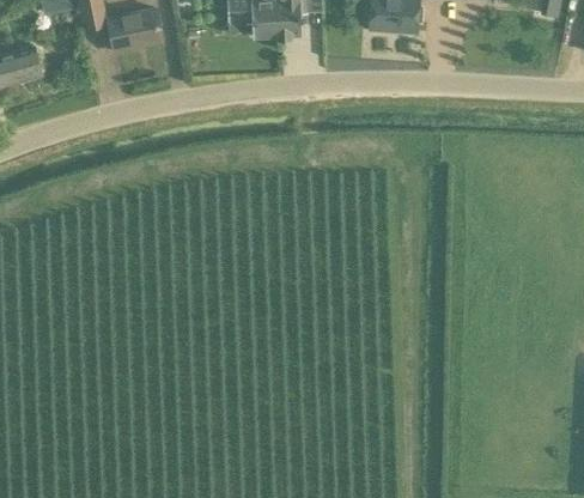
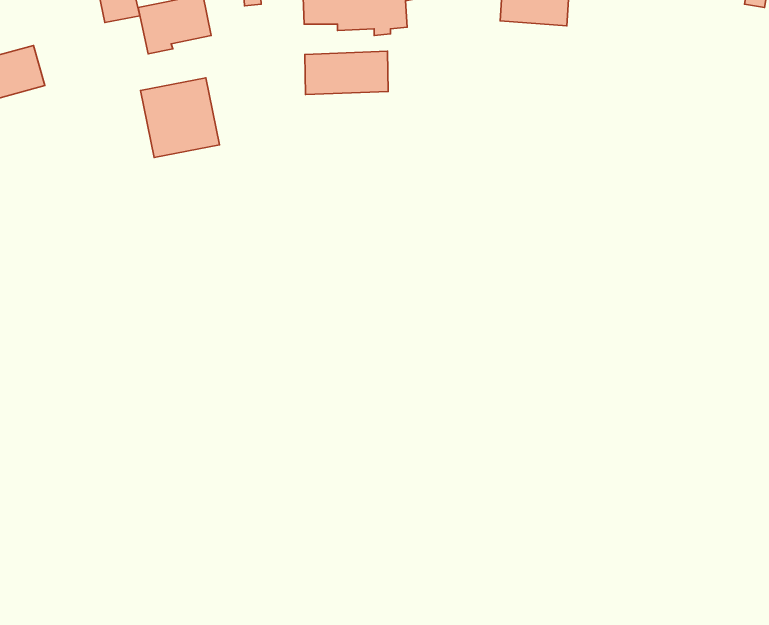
building: none -> [305,51,388,94]
building: none -> [140,78,220,157]

